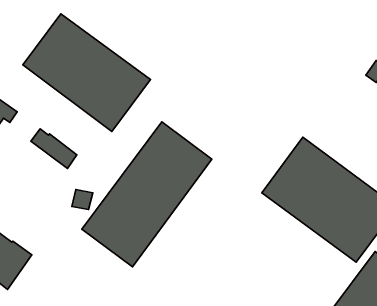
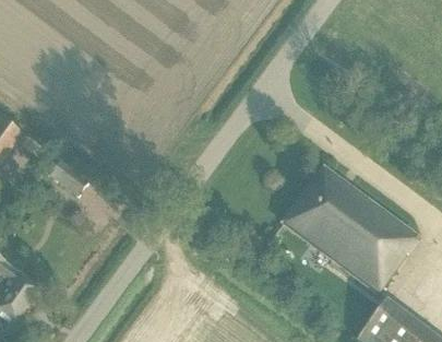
building: [23,14,150,132] -> none
building: [82,122,212,267] -> none

